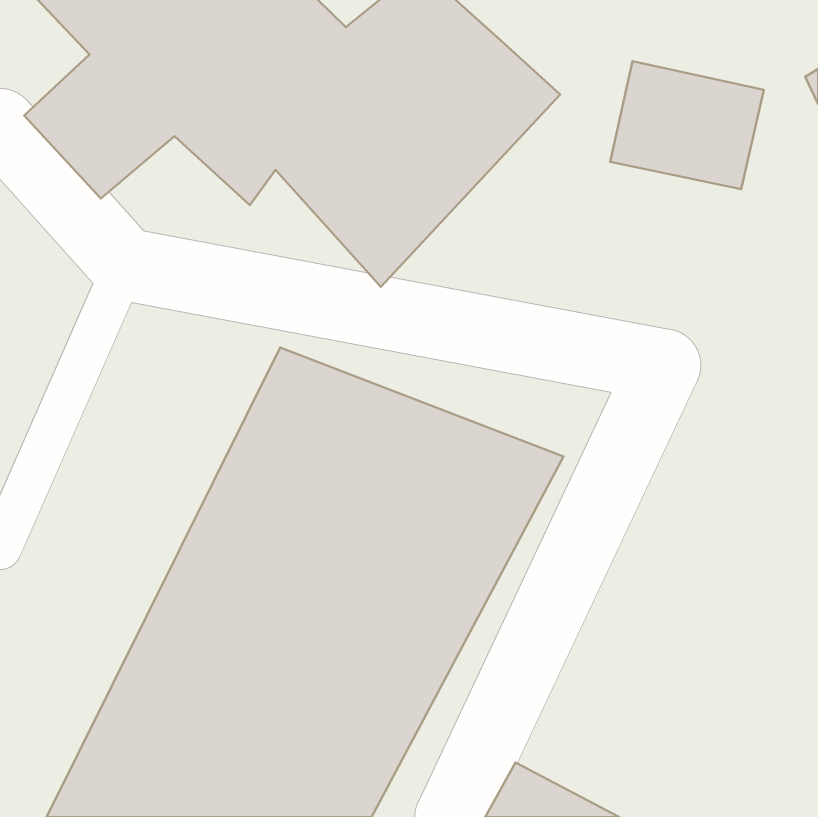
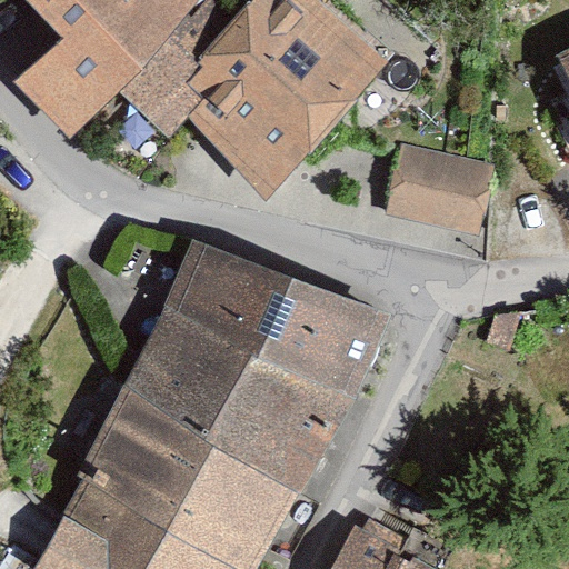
building: [610,61,764,189] -> [386,144,492,233]

